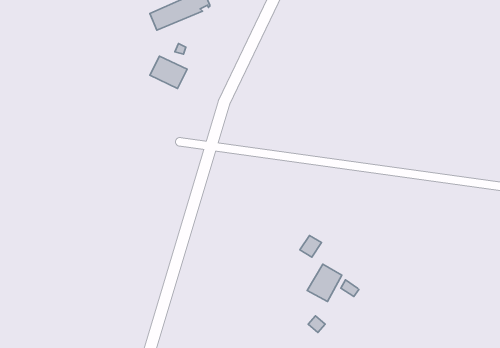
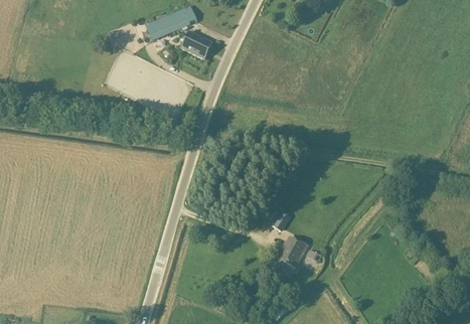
building: [150,56,187,88] -> [181,31,212,58]

